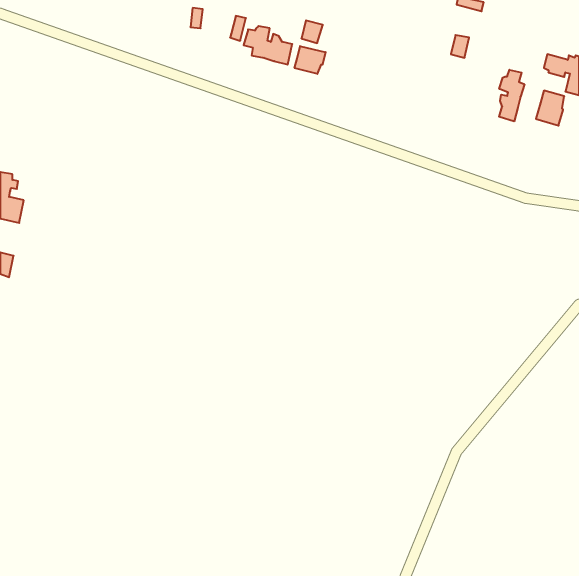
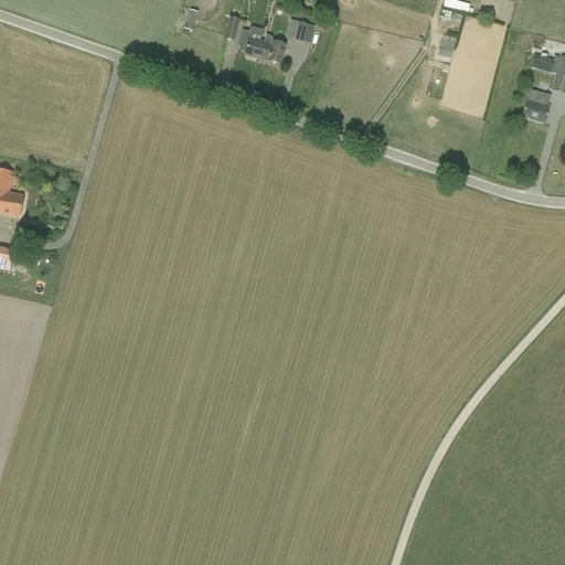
building: [295,46,326,74] -> none
building: [499,70,524,121] -> none

